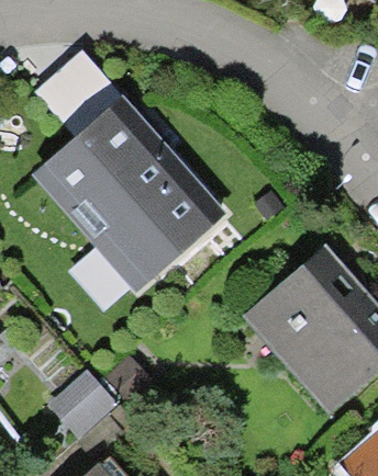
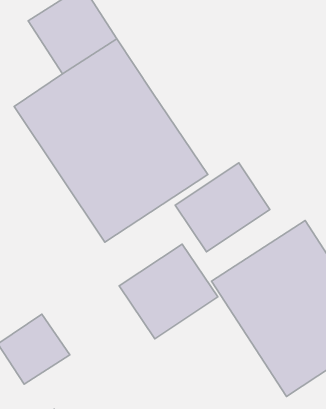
building: none -> [175,163,270,252]
building: none -> [119,244,218,339]

